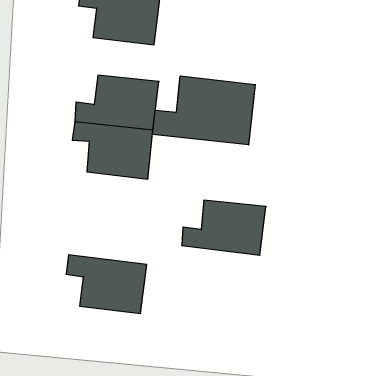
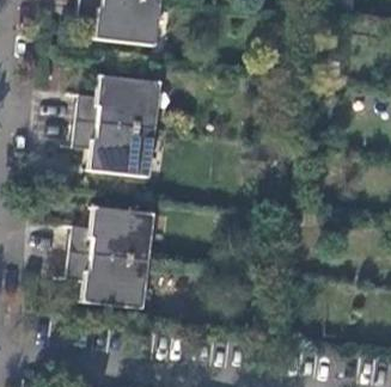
building: [153,76,255,145] -> none
building: [182,200,266,255] -> [73,207,155,260]

